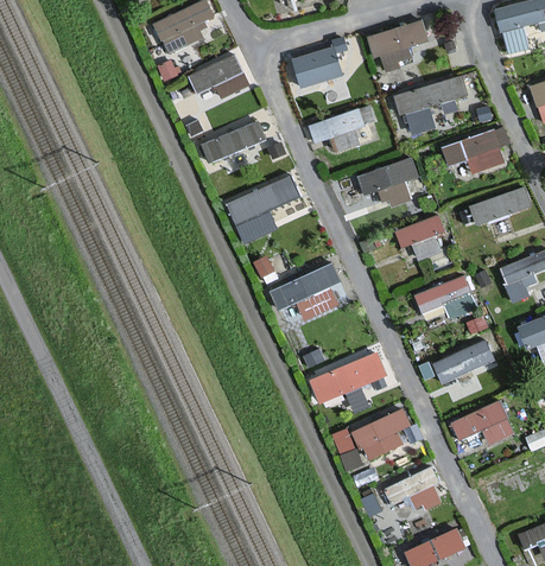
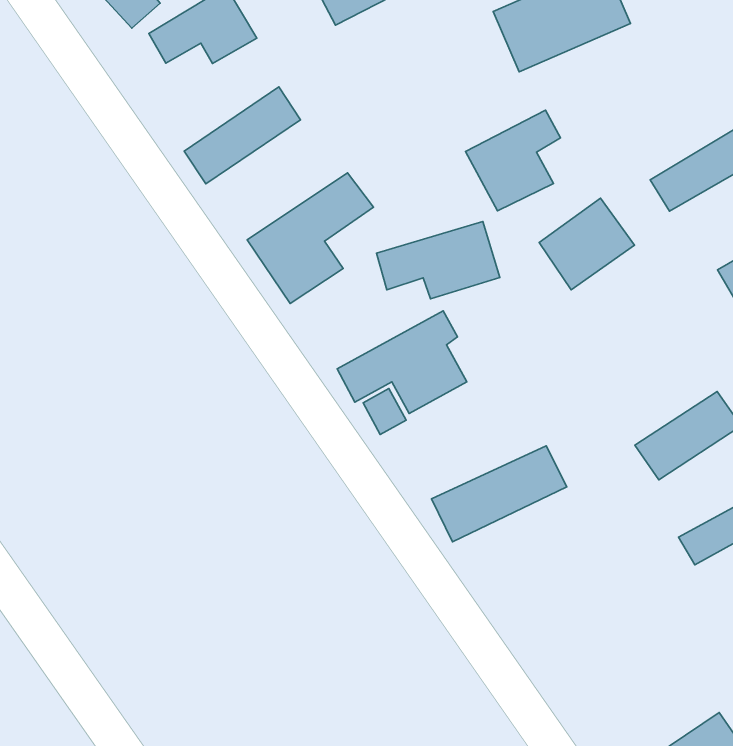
building: [311,109,381,150] -> [377,222,500,299]
building: [442,127,511,174] -> none
building: [414,274,479,317] -> none
building: [336,415,405,463] -> none
building: [374,468,445,526] -> none

